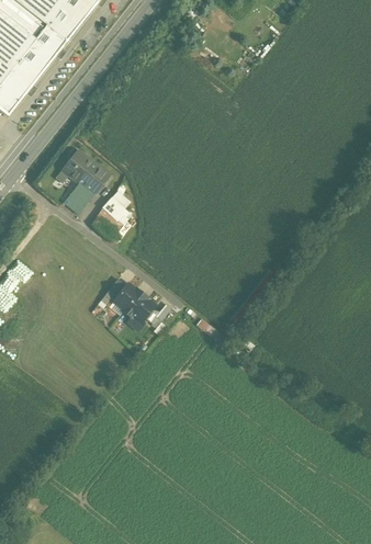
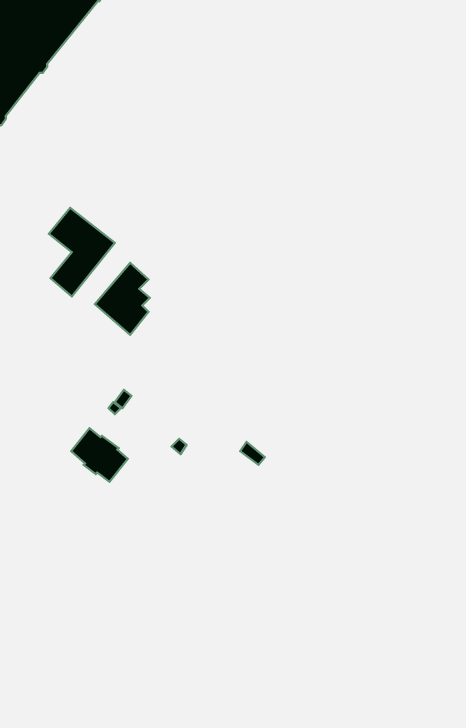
building: [112,283,153,321] -> [71,428,128,482]

